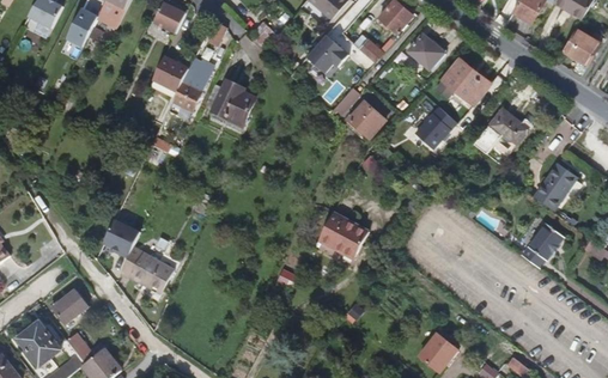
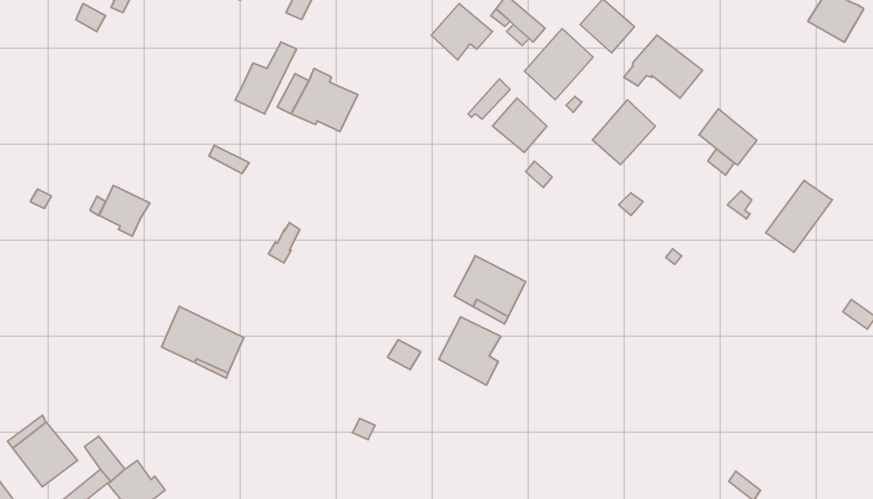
building: none -> [524,29,593,100]
building: [150,59,186,93] -> none
building: [521,221,563,267] -> none
building: [103,222,138,257] -> [99,186,150,236]
building: none -> [439,317,501,385]
building: [54,292,87,324] -> none
building: [420,334,457,370] -> none

